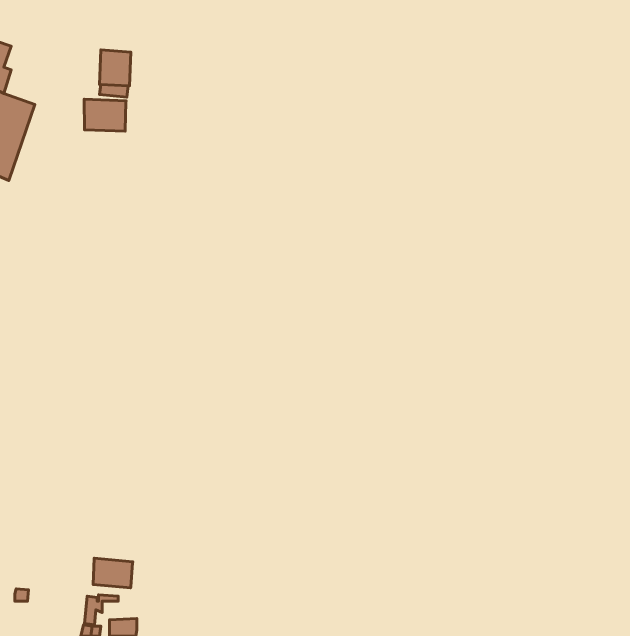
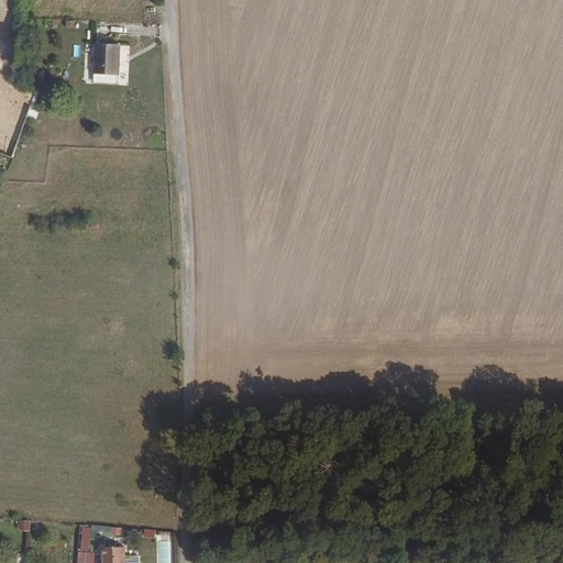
building: [84,99,126,131] -> none
building: [93,558,133,588] -> none

